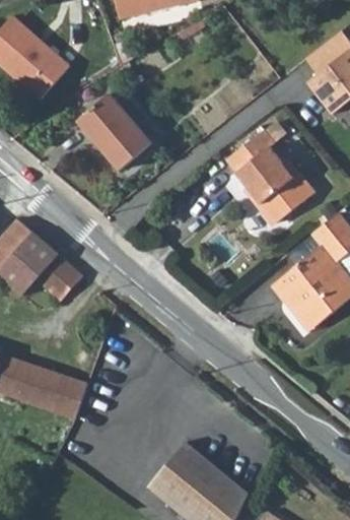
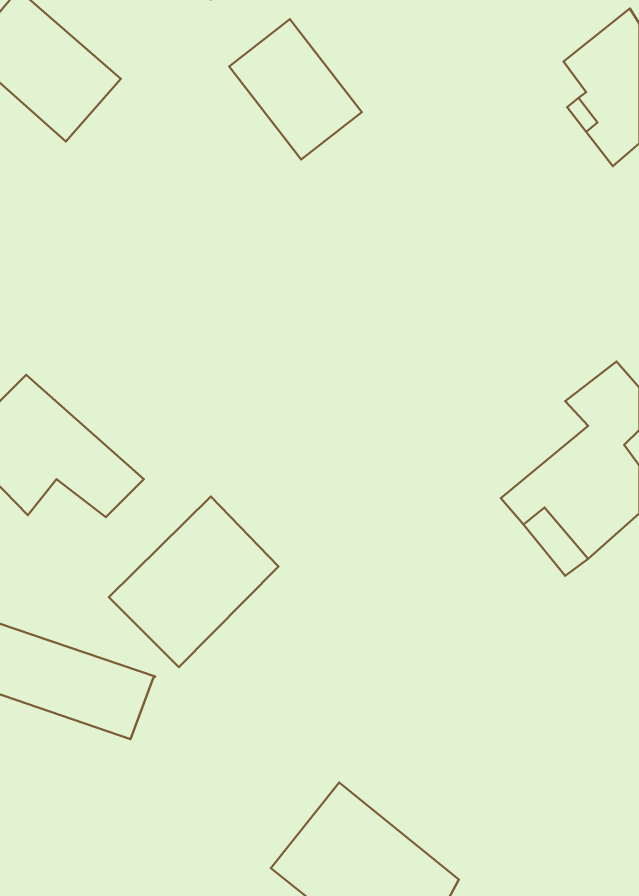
building: [78,96,149,172] -> [229,19,362,160]
building: [219,135,305,223] -> none
building: none -> [109,497,279,667]

